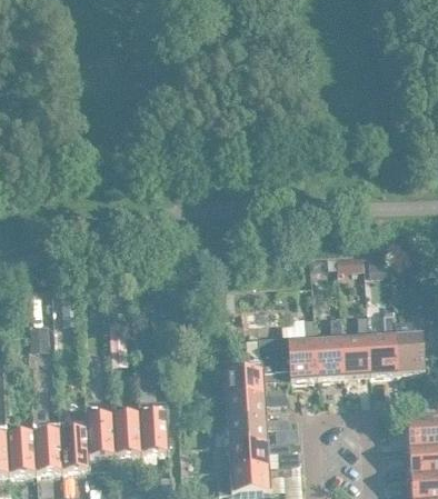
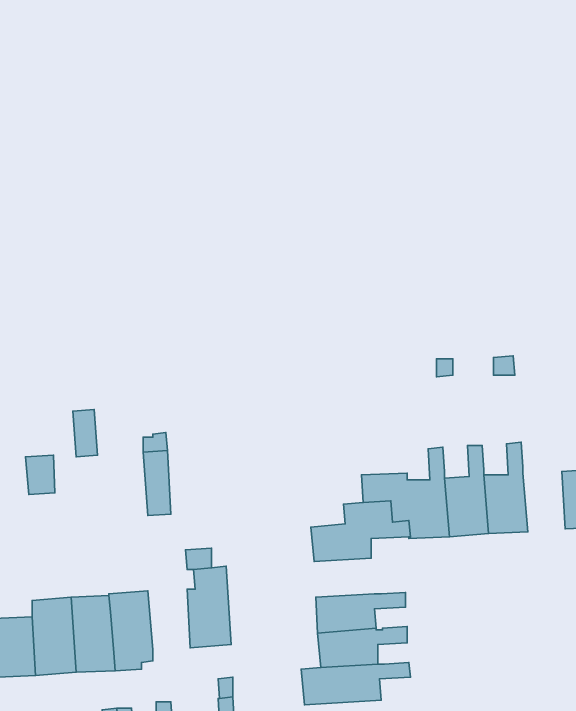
building: [368,311,397,373] -> none
building: [226,390,287,418] -> none
building: [112,412,141,453] -> none

